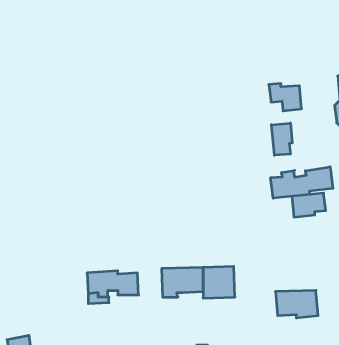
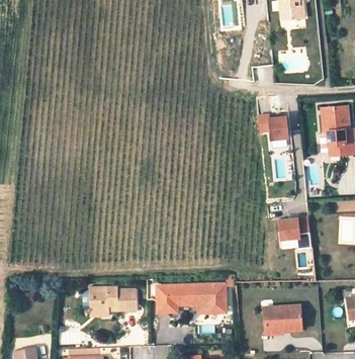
building: [271,123,292,155] -> none
building: [271,167,333,198] -> none

